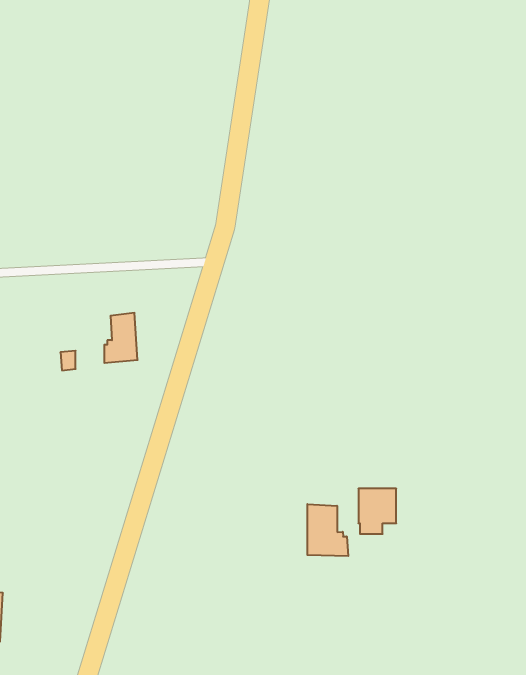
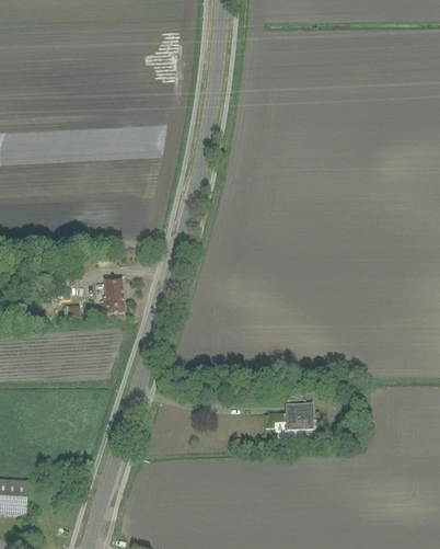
building: [307,504,348,556] -> none

